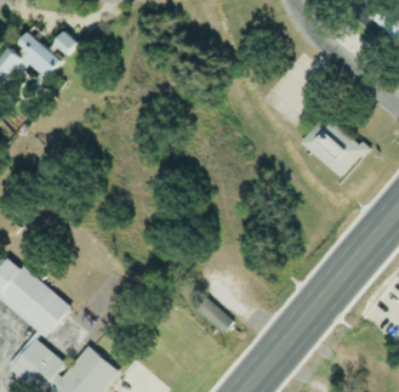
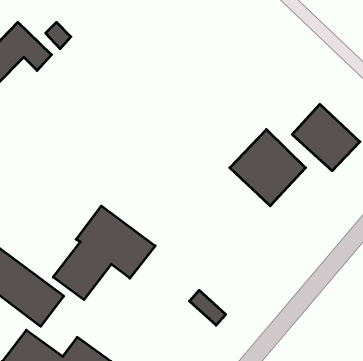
building: none -> [230,129,306,206]
building: none -> [53,206,155,300]

